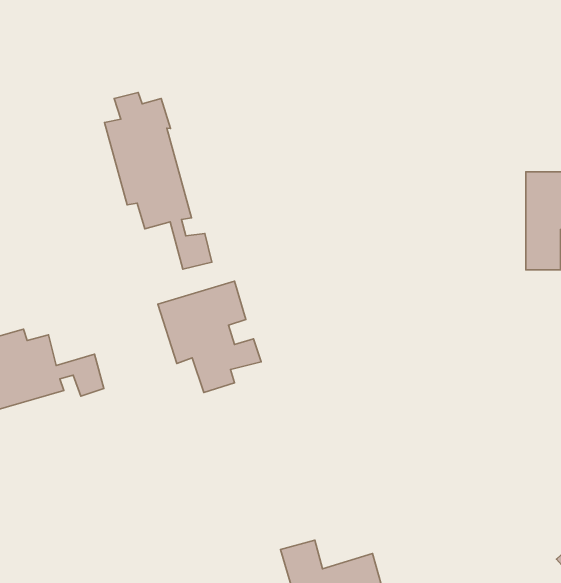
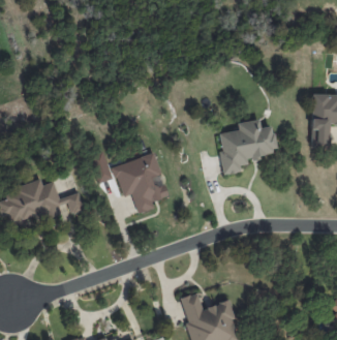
building: [104,92,212,269] -> none
building: none -> [217,119,277,175]

